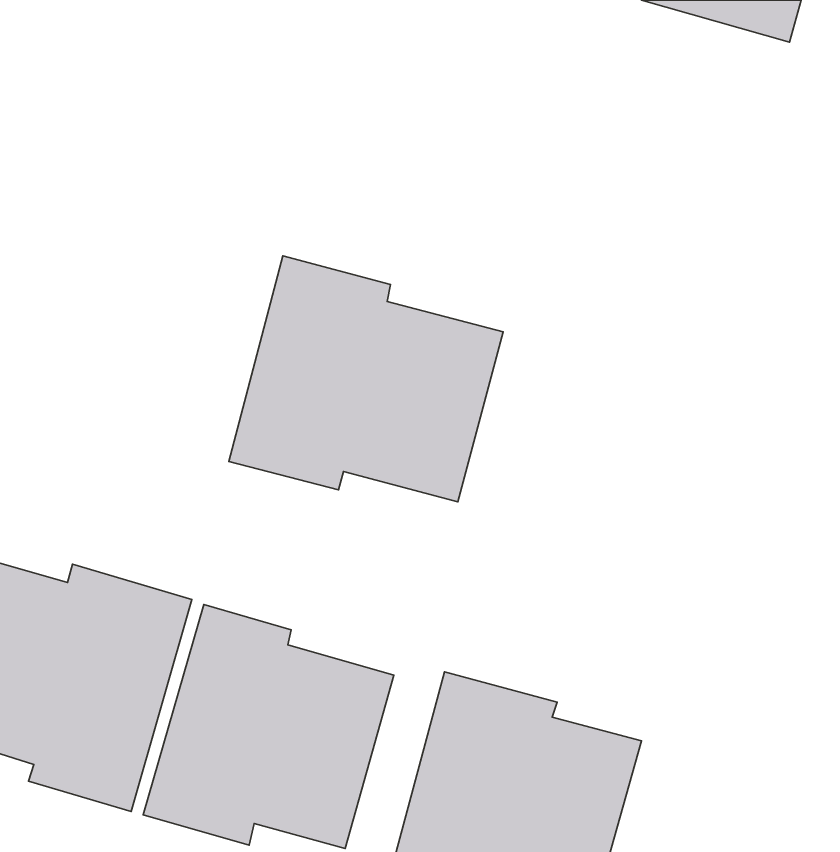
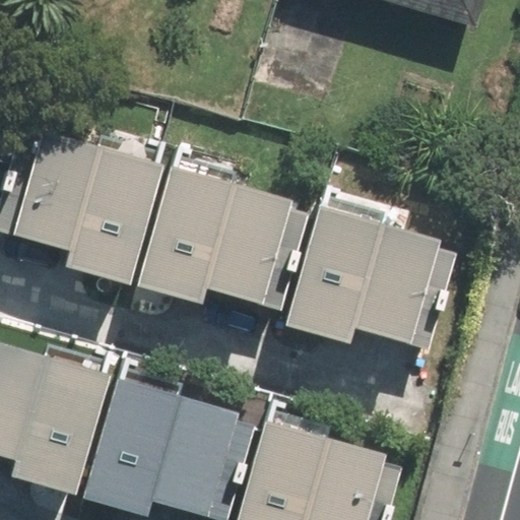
building: none -> [15,137,171,283]
building: none -> [281,194,445,345]

